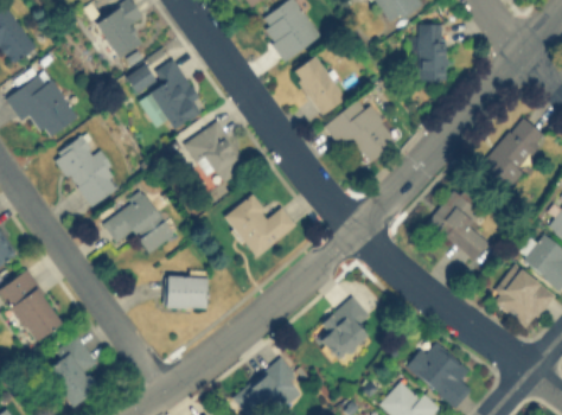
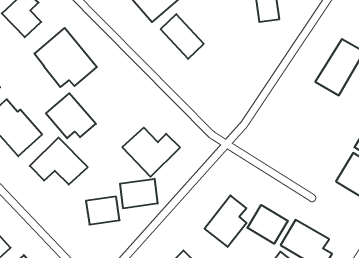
building: [324,96,397,165] -> none
building: [184,122,245,180] -> [46,93,96,138]
building: [428,189,488,261] -> none
building: none -> [120,179,158,208]
building: none -> [247,205,288,244]

